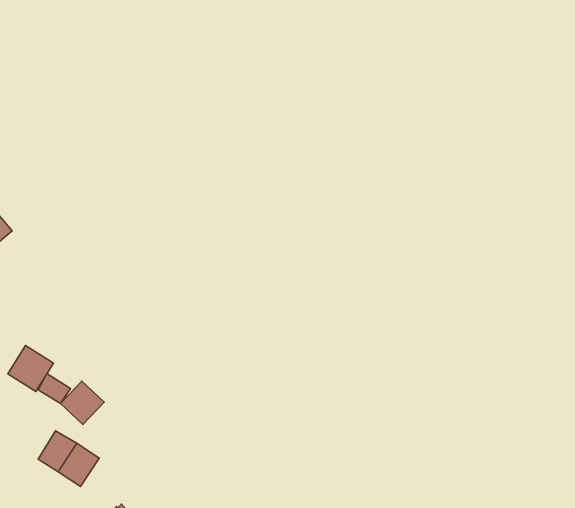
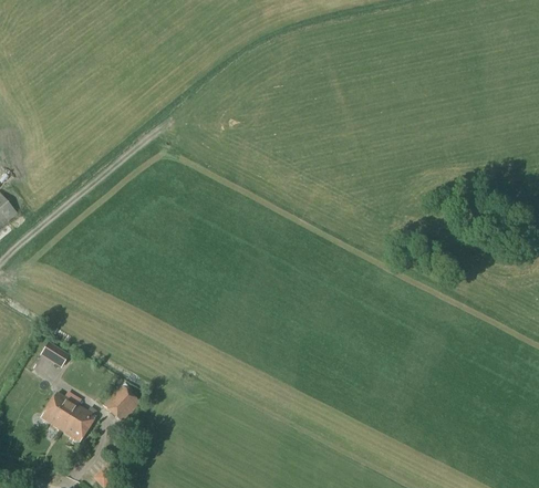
building: [8,345,54,392] -> none
building: [61,381,104,425] -> [102,383,141,422]

